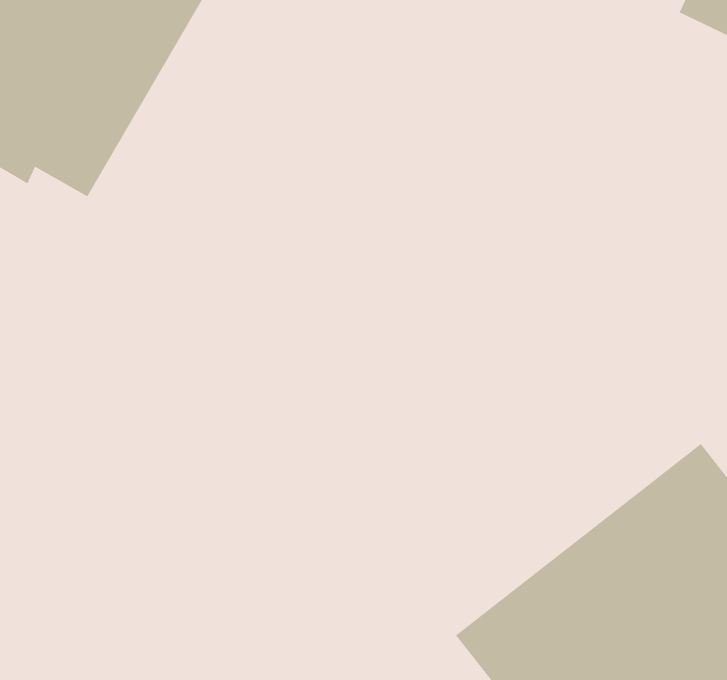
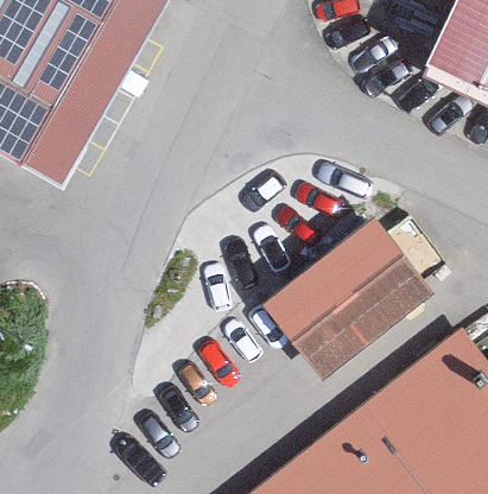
building: none -> [266,222,430,381]

